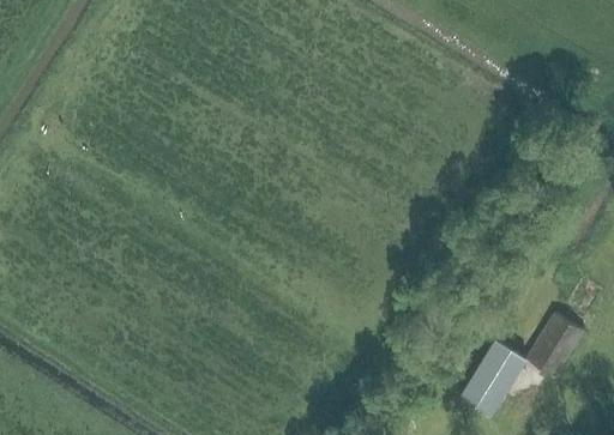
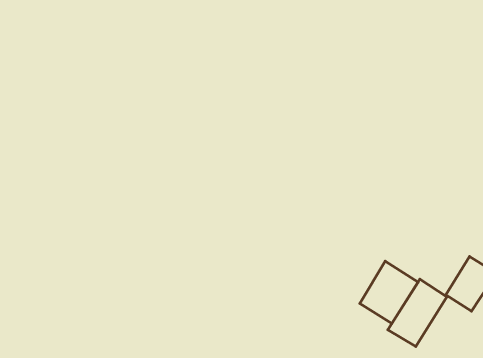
building: none -> [360,261,418,323]

